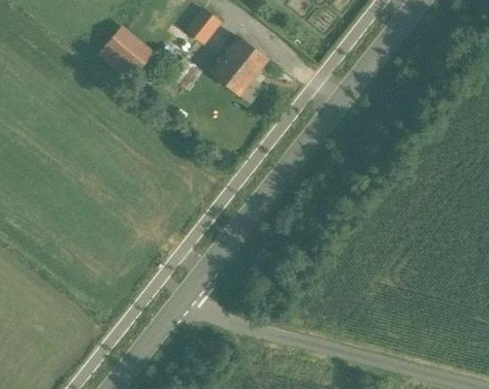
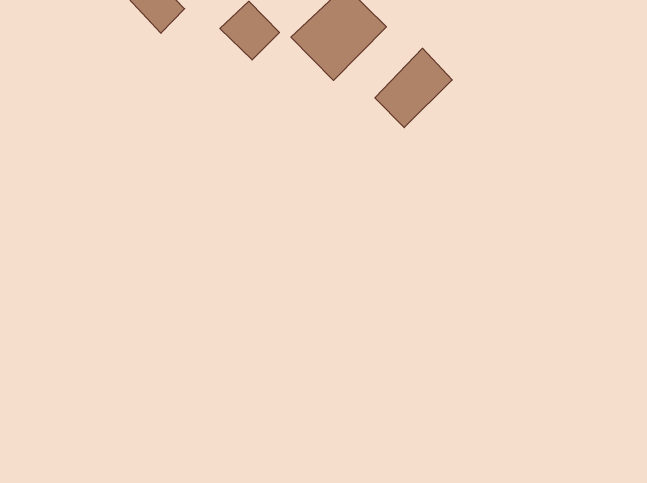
building: none -> [375,48,452,128]

